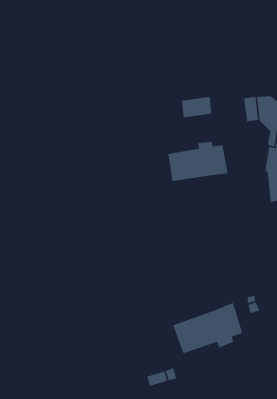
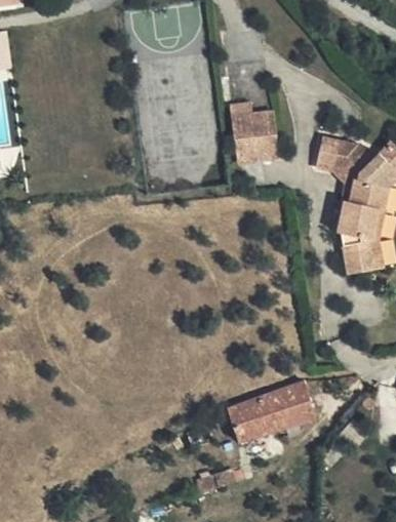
building: none -> [231,110,277,138]
building: [168,141,229,182] -> none

